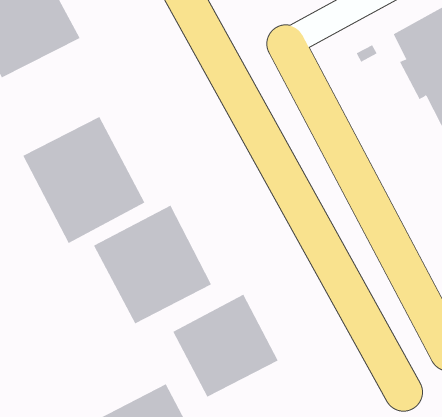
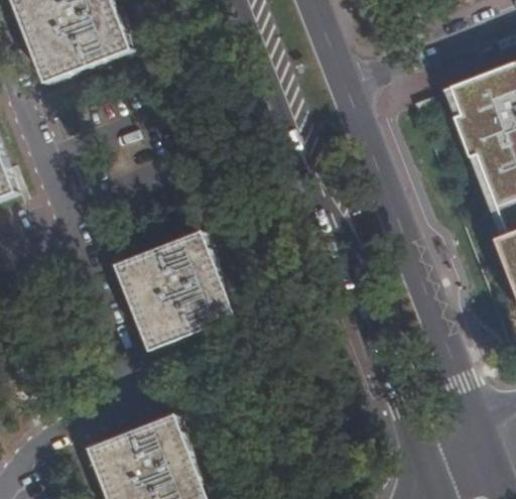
building: [22,116,145,244] -> none
building: [172,294,279,397] -> none

